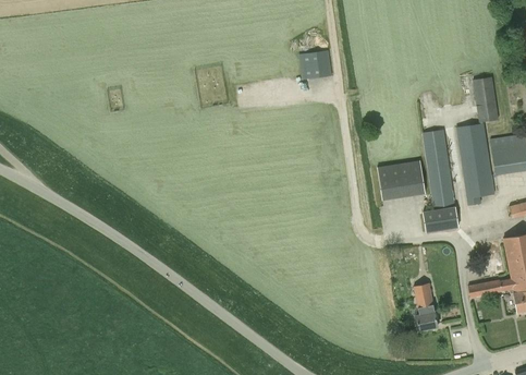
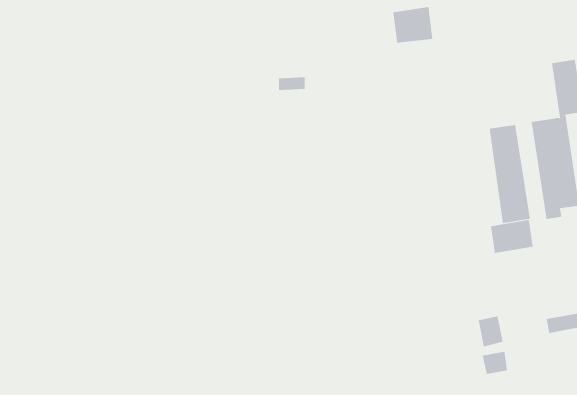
building: [299,49,332,78] -> [393,7,433,43]
building: [376,159,425,198] -> none

